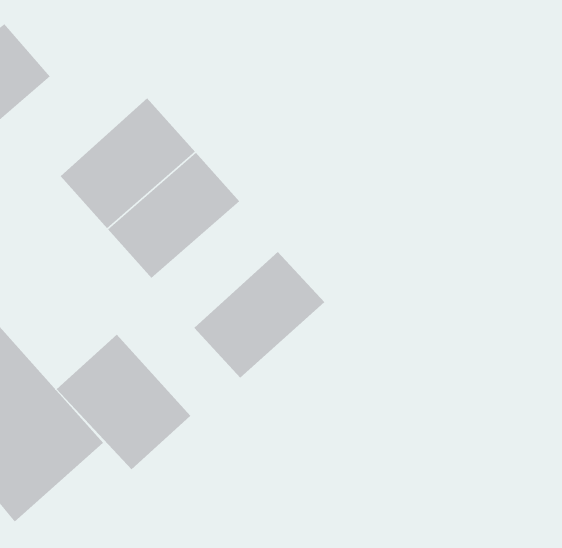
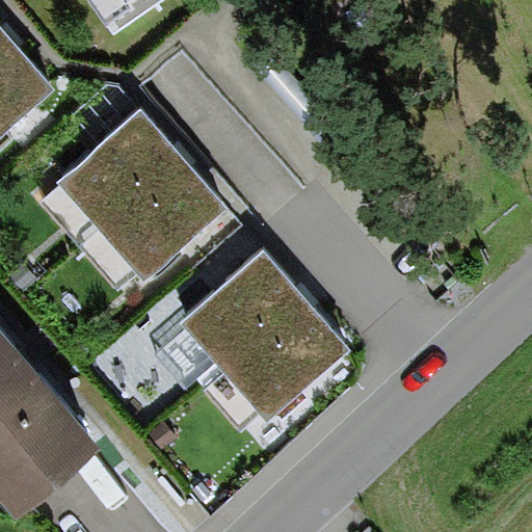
building: none -> [225,300,347,420]
building: [56,334,191,470] -> none

